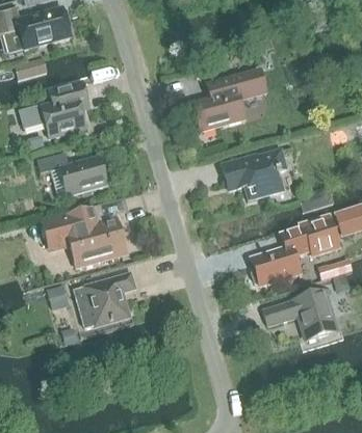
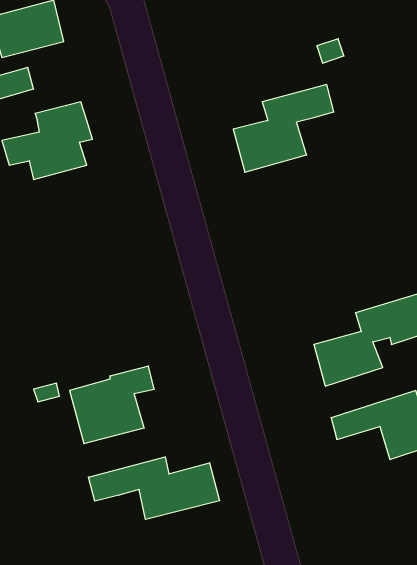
building: [223,148,286,197] -> none
building: [37,151,107,194] -> none
building: [41,207,126,266] -> none
building: none -> [88,457,220,519]

